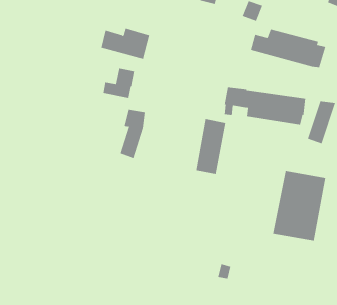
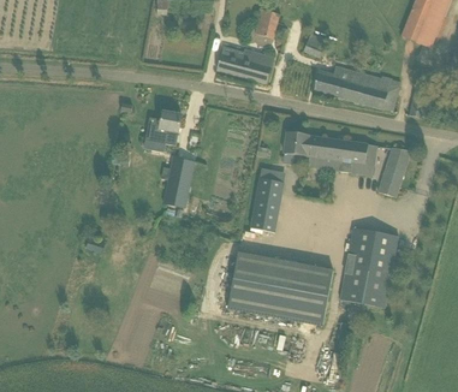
building: [101,28,150,59] -> [216,48,273,84]
building: none -> [227,251,332,323]

